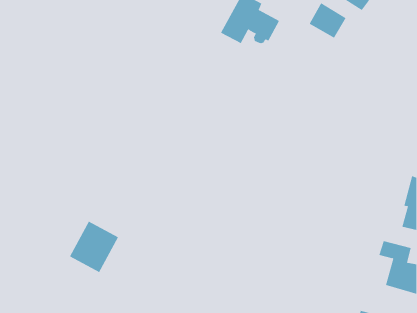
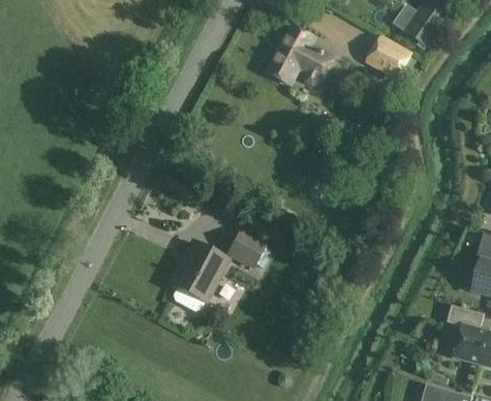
building: none -> [227,229,264,266]
building: [69,221,119,273] -> [171,241,226,300]

